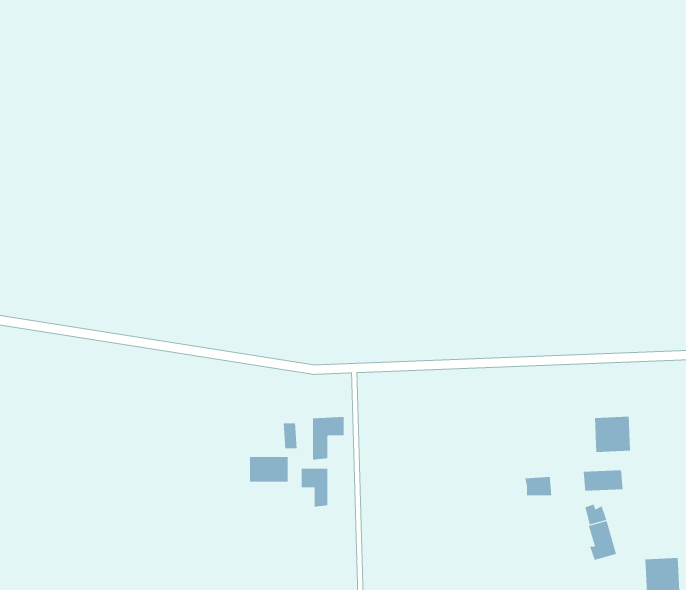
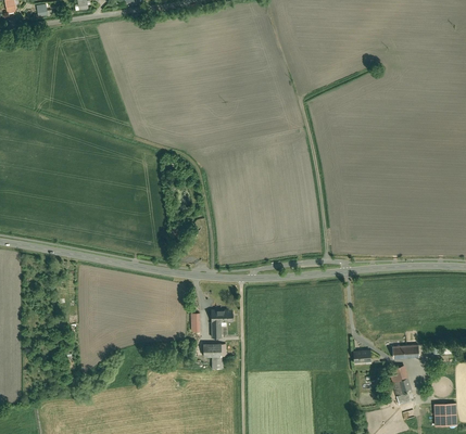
building: [594,416,631,453] -> none
building: [250,456,288,482] -> none

